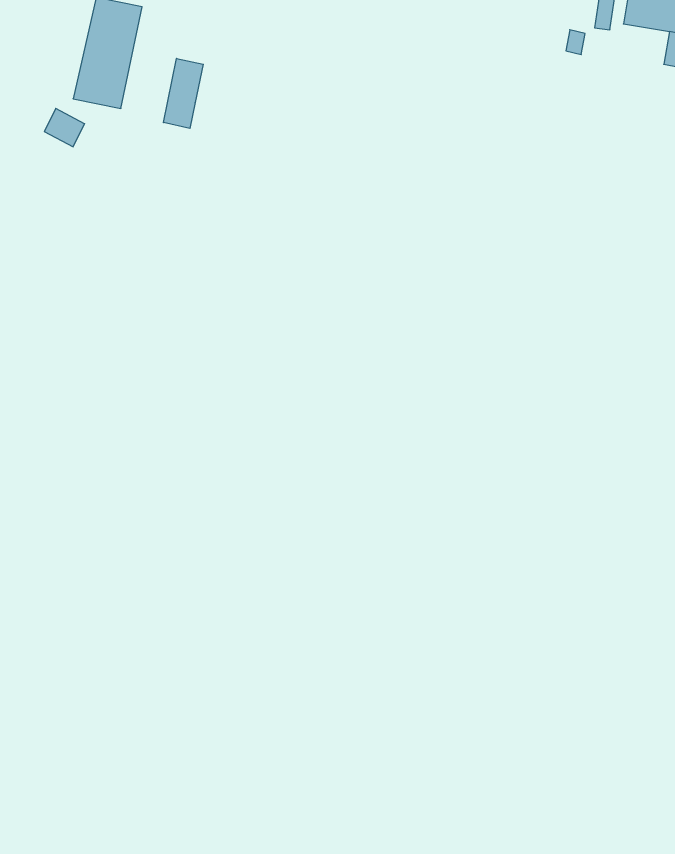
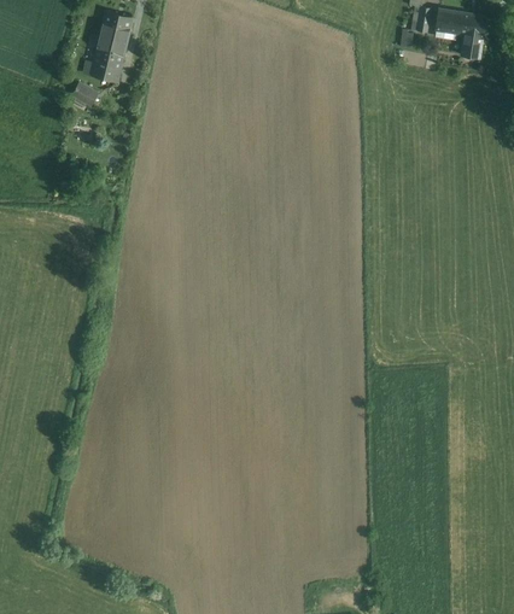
building: [163,58,203,128] -> none

